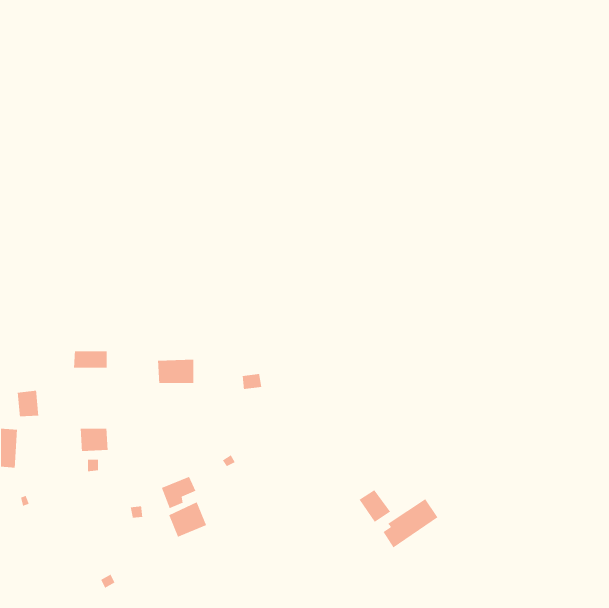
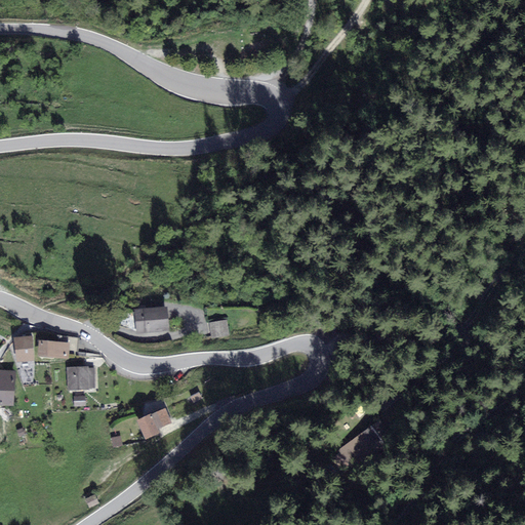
building: [73,351,108,369] -> [40,342,70,358]
building: [359,489,391,523] -> none
building: [168,501,207,538] -> none

